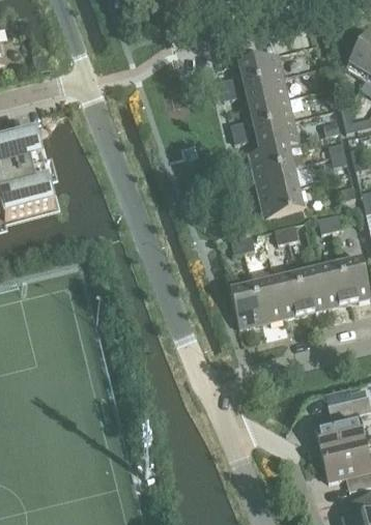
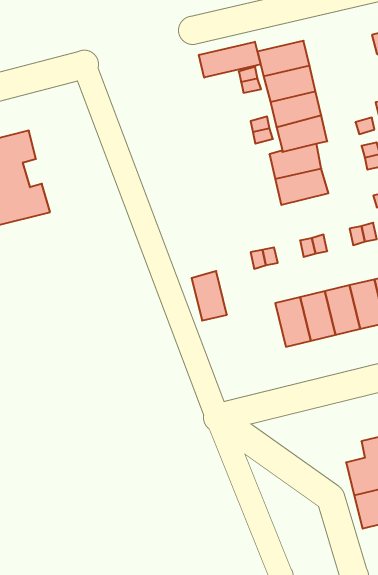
building: none -> [199,42,260,78]
building: [258,186,305,217] -> none
building: [231,283,262,326] -> [192,271,227,321]

